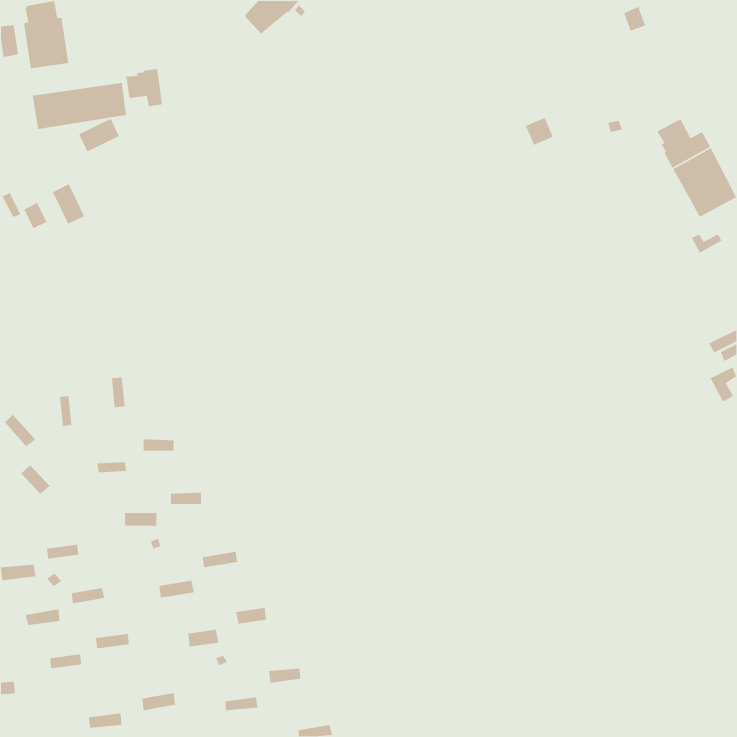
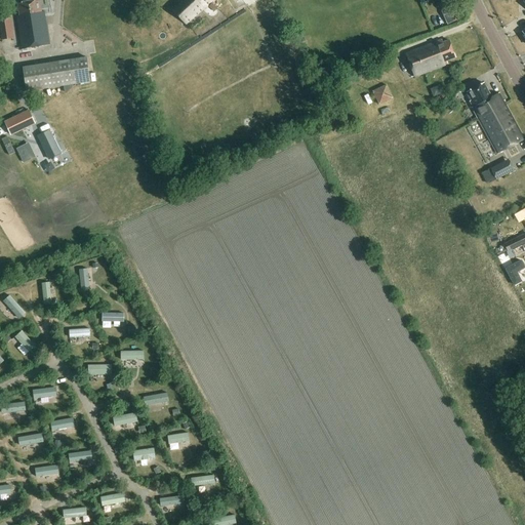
building: none -> [405,40,455,77]
building: [125,68,163,107] -> none
building: [78,118,120,153] -> [5,111,35,135]

